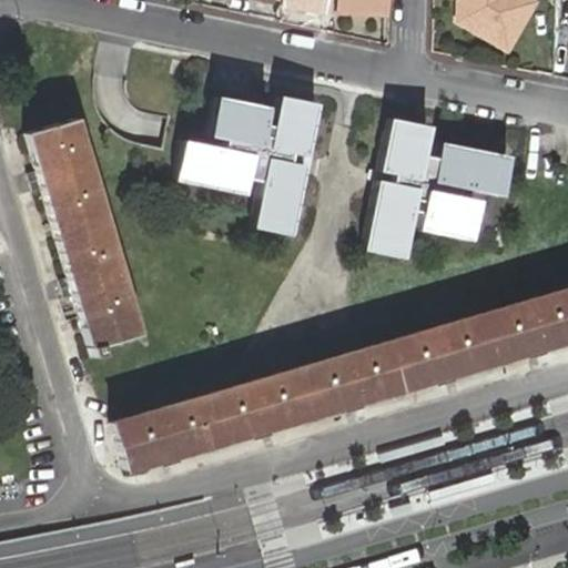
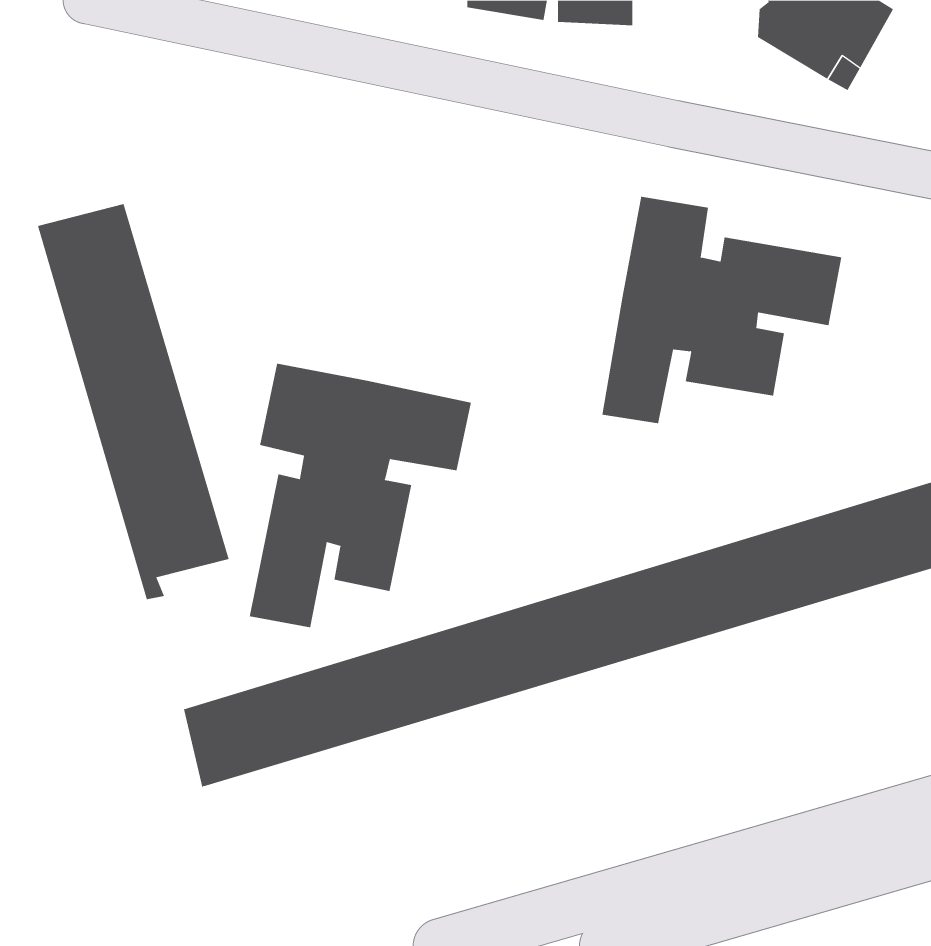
building: [178,98,321,237] -> none
building: none -> [249,363,471,628]

